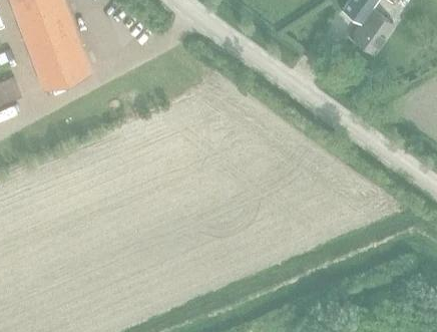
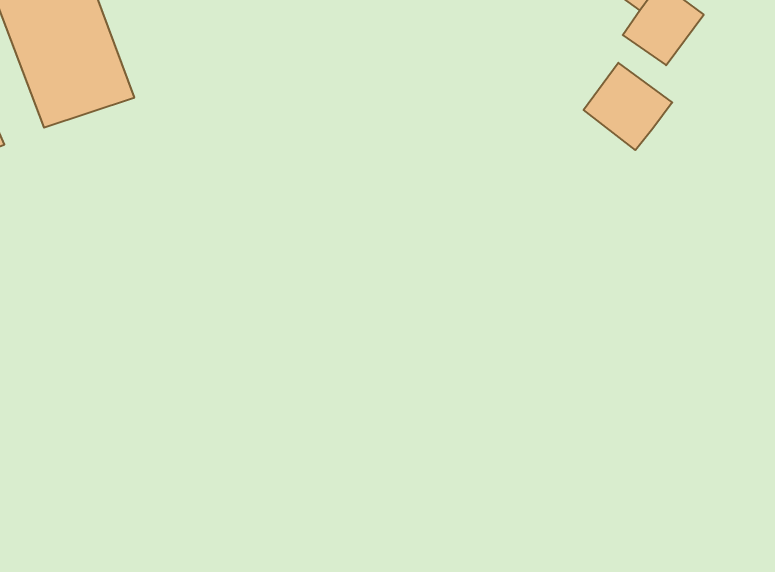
building: none -> [584,63,672,150]

